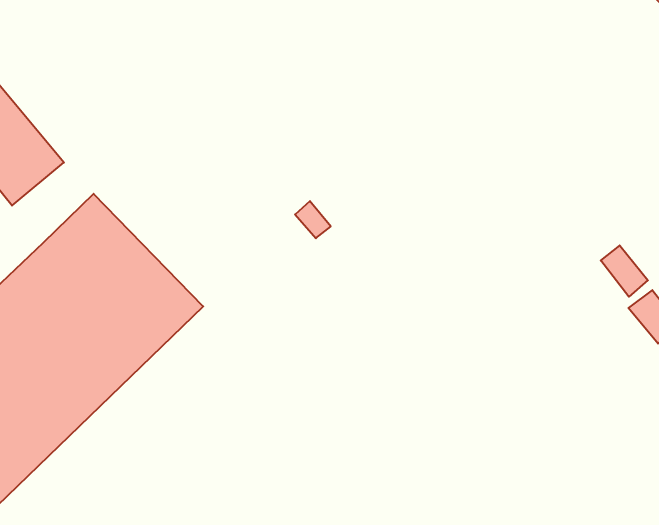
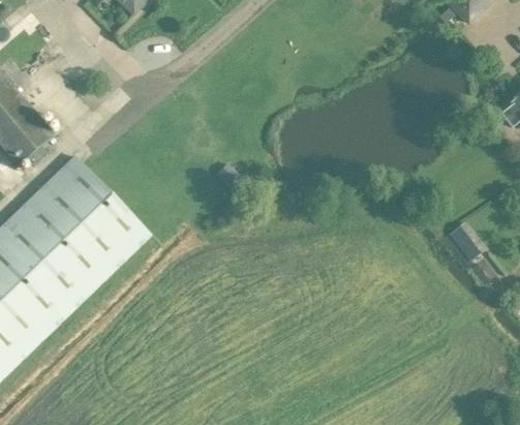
building: [601,245,648,297] -> none

